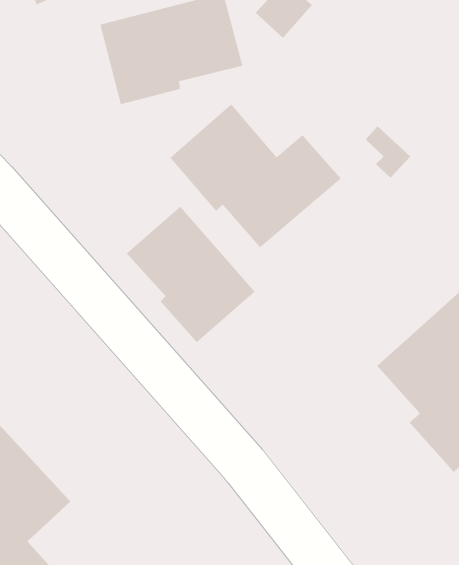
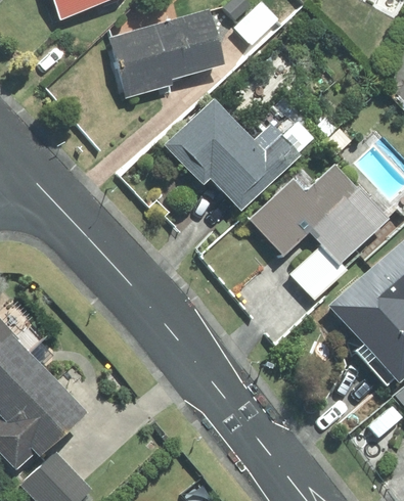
building: none -> [251,163,389,302]
building: [126,206,255,343] -> none

